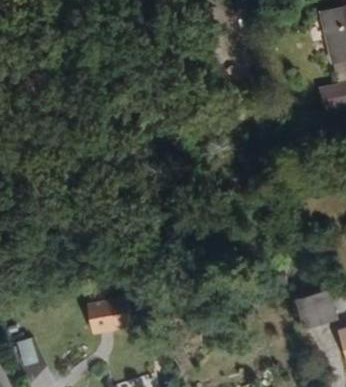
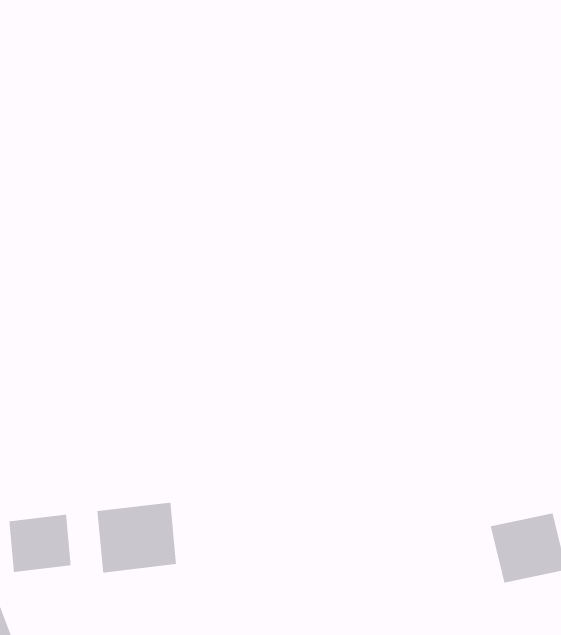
building: none -> [8,514,72,573]

